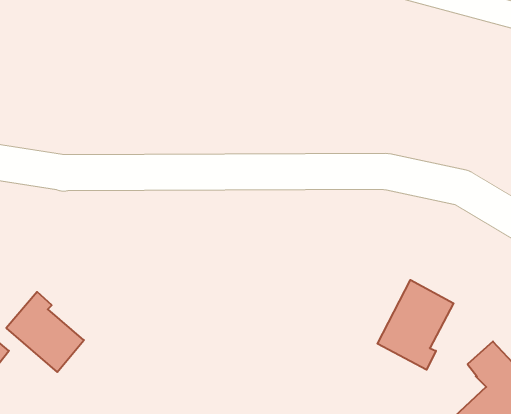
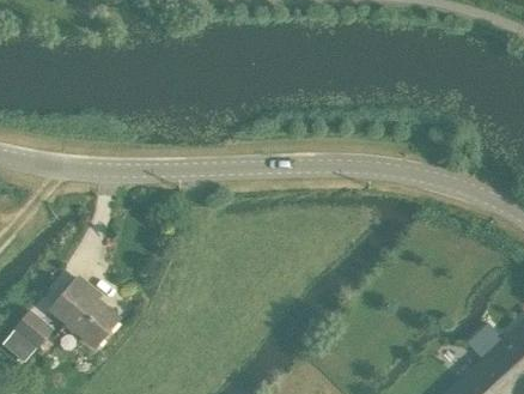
building: [377,280,454,370] -> none

